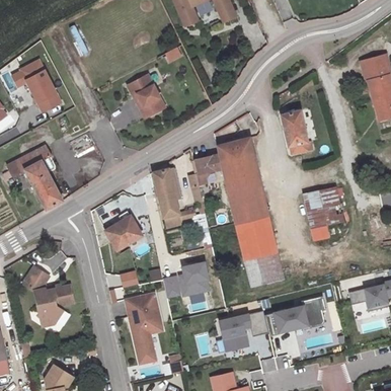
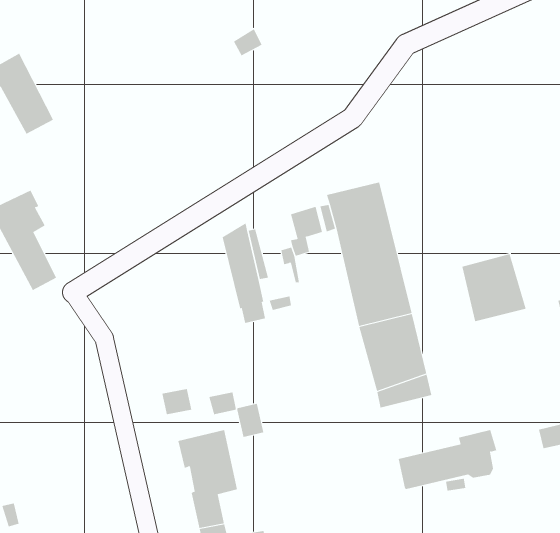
building: [122,74,160,118] -> none
building: [282,112,311,156] -> none
building: [105,219,142,254] -> none
building: [179,263,210,298] -> none
building: [21,267,74,325] -> none
building: [218,309,267,349] -> none

